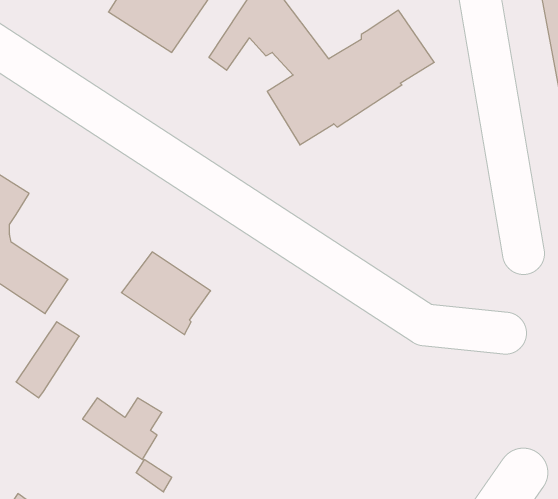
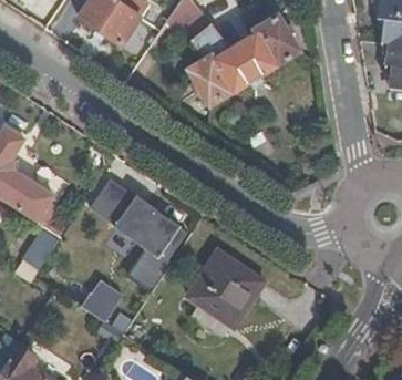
building: none -> [130,207,185,290]
building: none -> [187,250,266,328]

